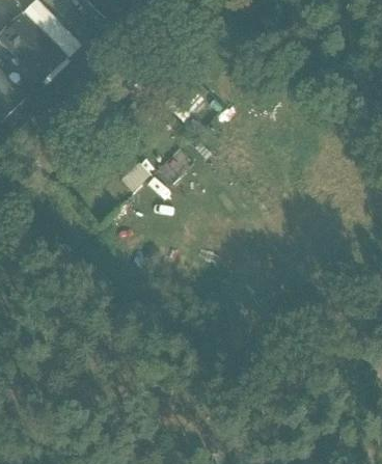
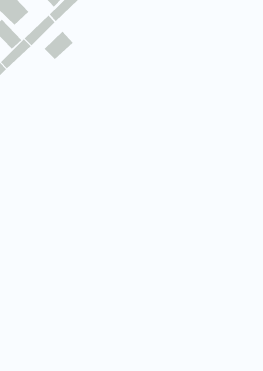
building: none -> [44,31,73,60]

